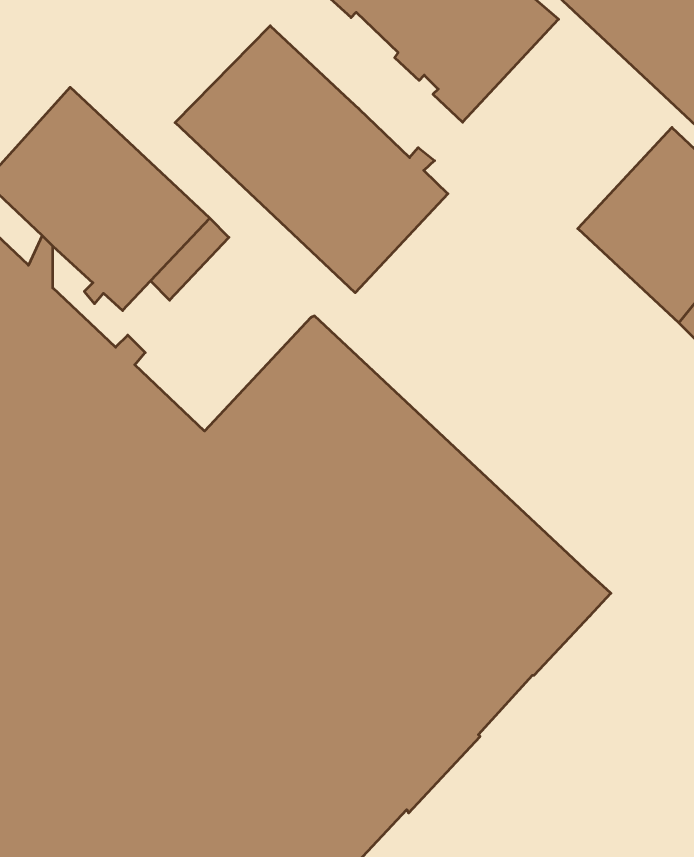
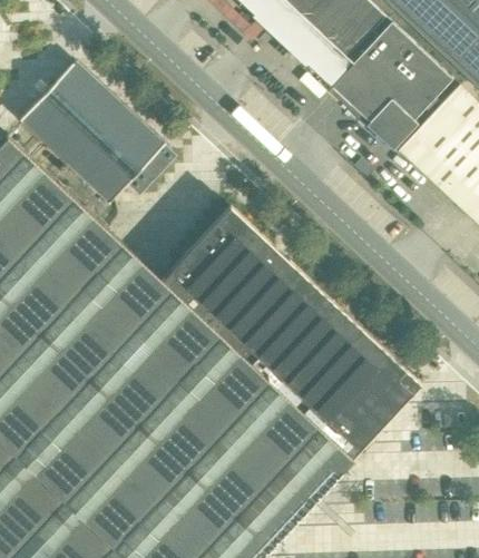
building: [175,26,448,293] -> none
building: none -> [330,21,452,150]

